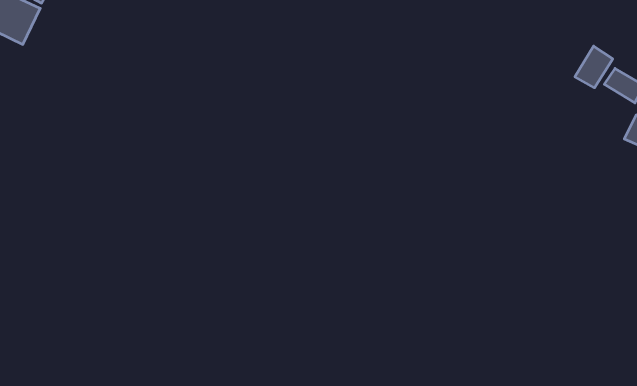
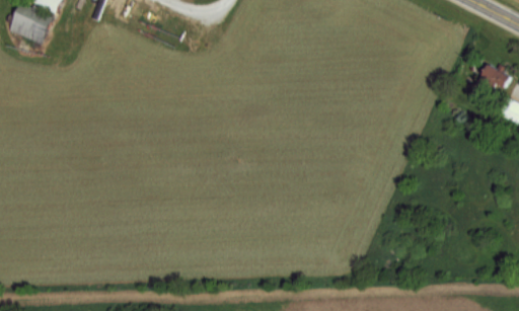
building: [575,46,613,88] -> none

